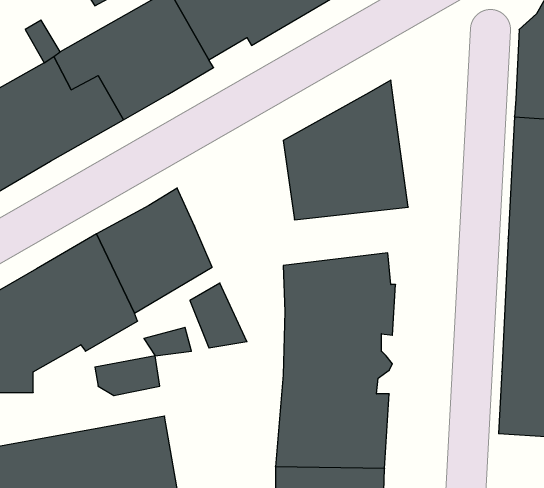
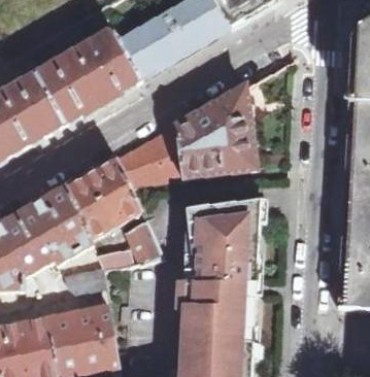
building: none -> [117,126,194,181]

